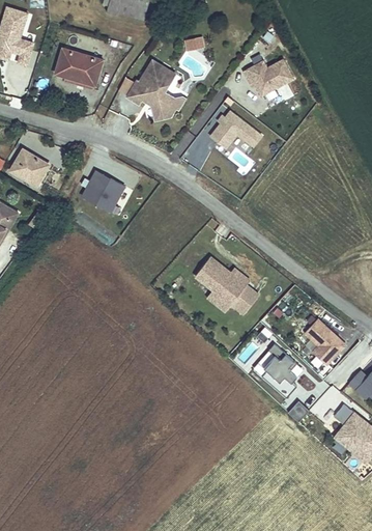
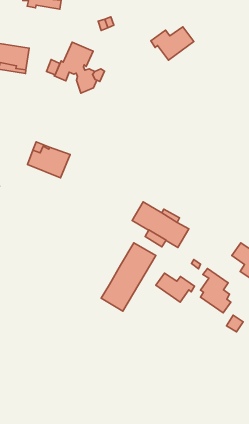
building: [210,111,261,147] -> none
building: none -> [101,243,156,311]
building: none -> [156,273,194,302]

